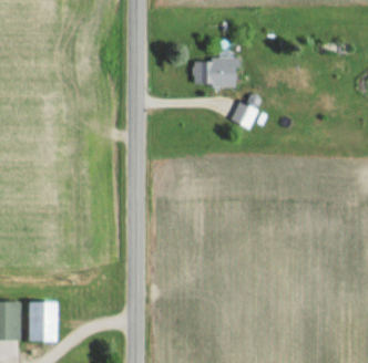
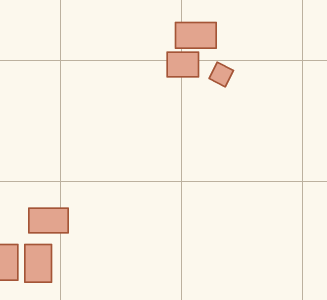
building: none -> [167,52,198,77]
building: none -> [29,208,68,233]

